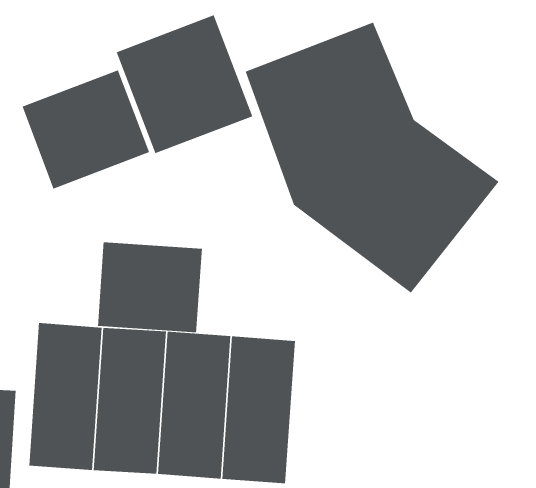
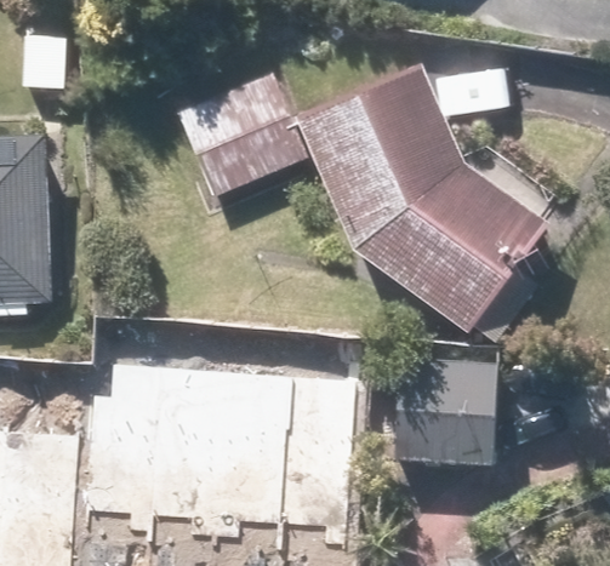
building: [22,70,150,189] -> none
building: [97,241,202,333] -> none
building: none -> [389,355,502,467]

